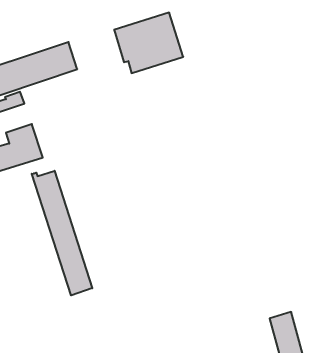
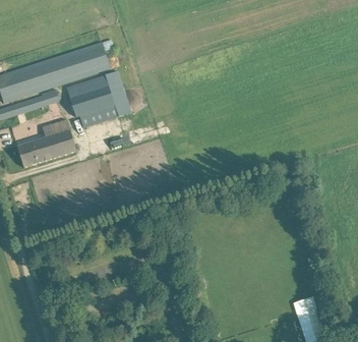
building: [114,13,183,73] -> [67,70,132,127]
building: [32,171,92,295] -> none

